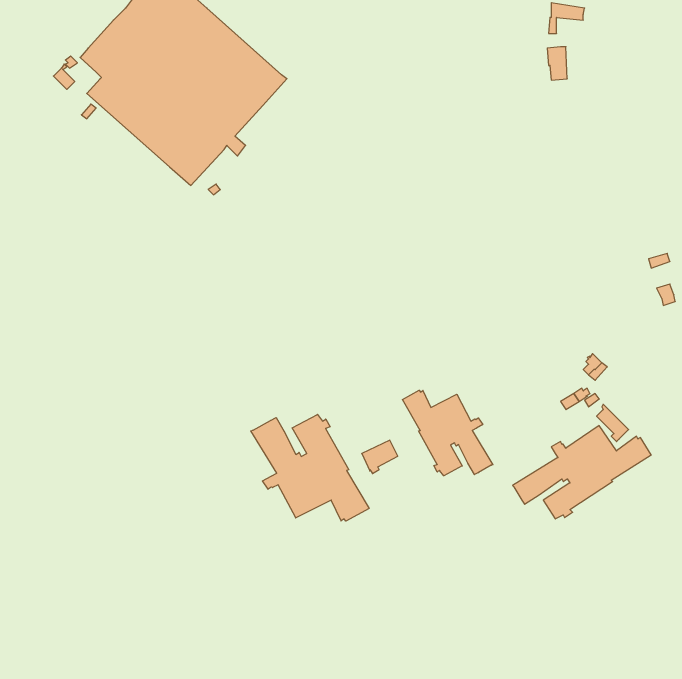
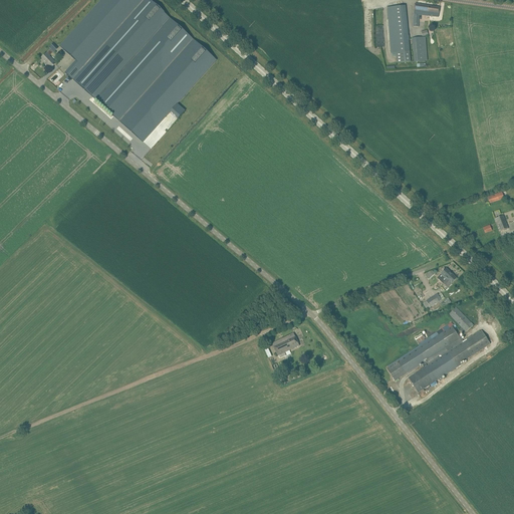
building: none -> [388,4,411,61]
building: [402,390,493,476] -> none
building: [251,414,369,521] -> none

